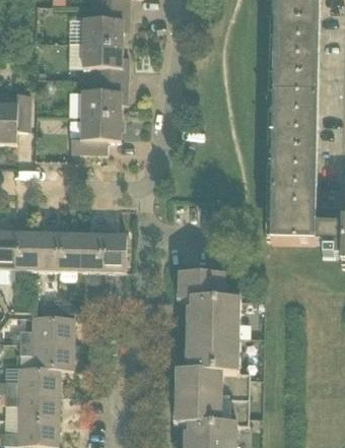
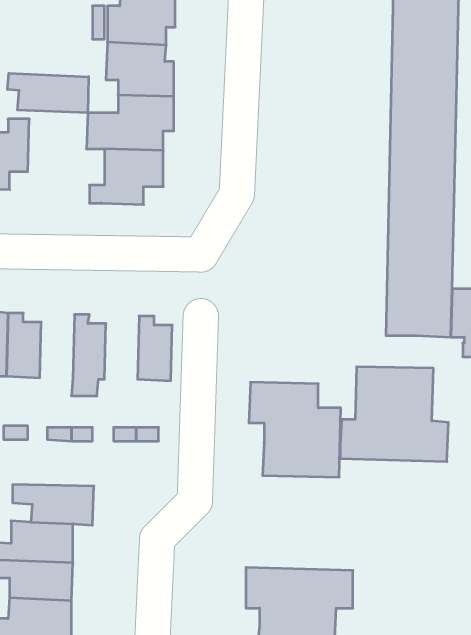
building: none -> [8,73,89,113]
building: [37,226,60,269] -> none
building: [80,227,104,270] -> none
building: [18,315,73,342] -> none
building: [176,335,249,399] -> [340,367,448,462]

